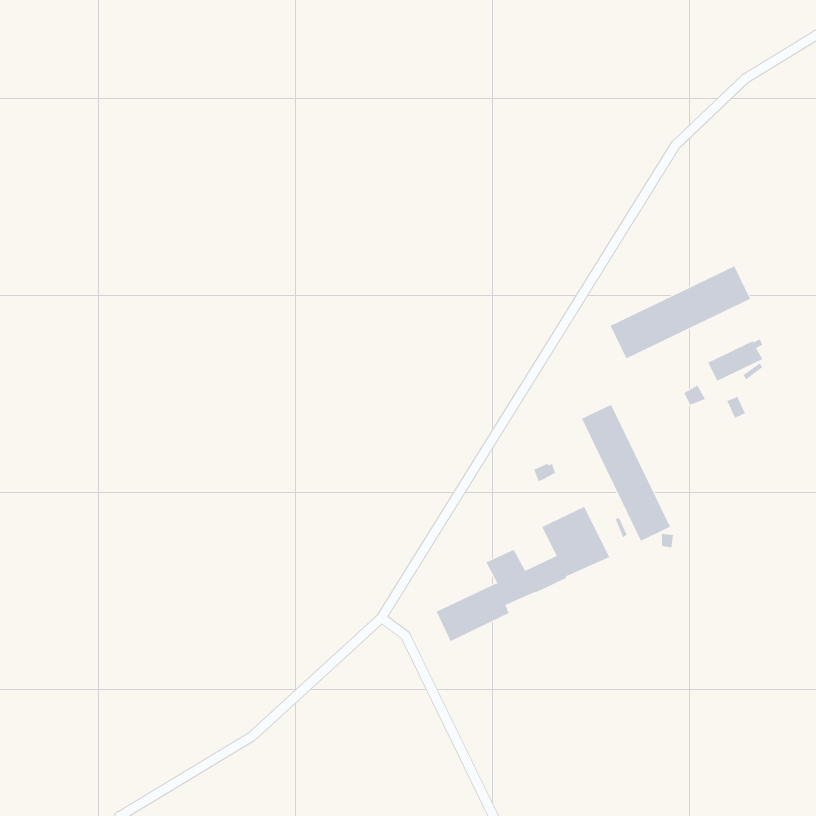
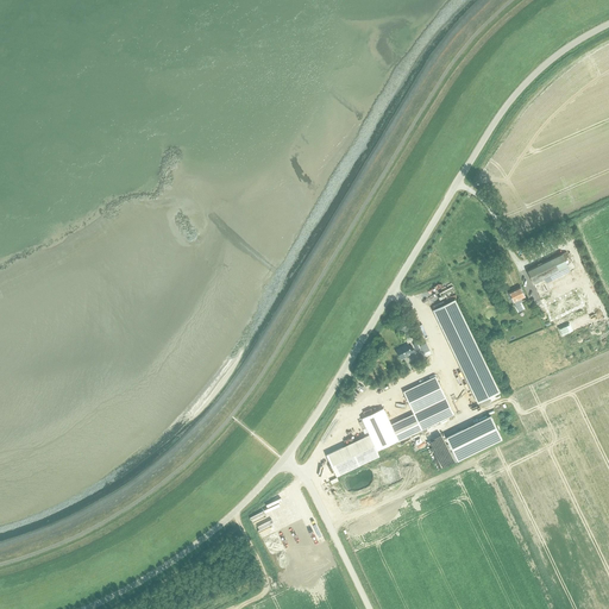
building: [610,265,751,359] -> none
building: none -> [446,416,502,462]

